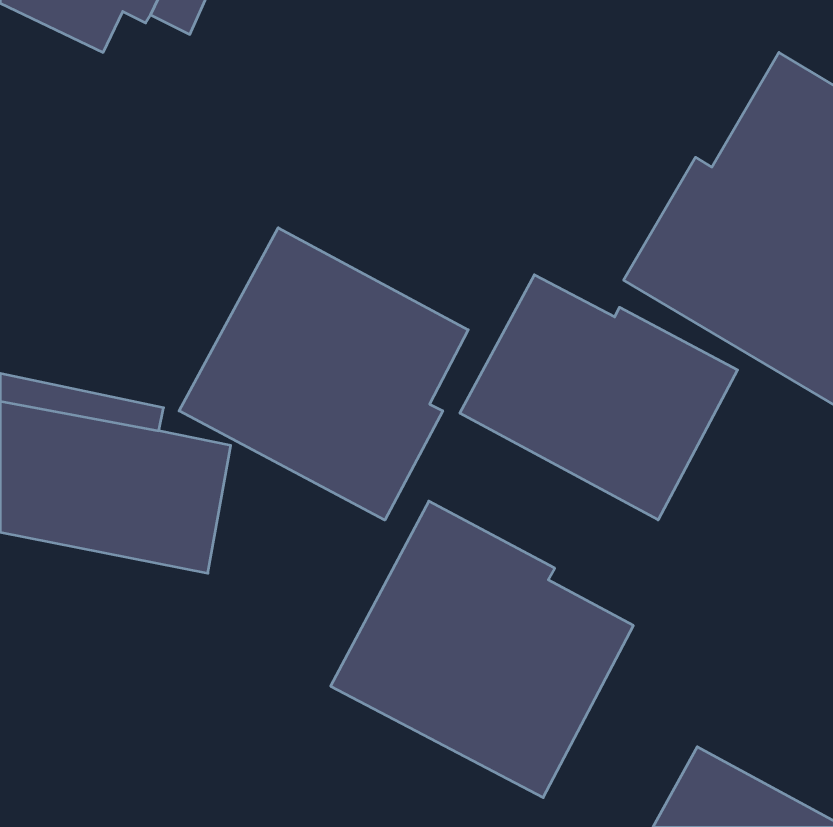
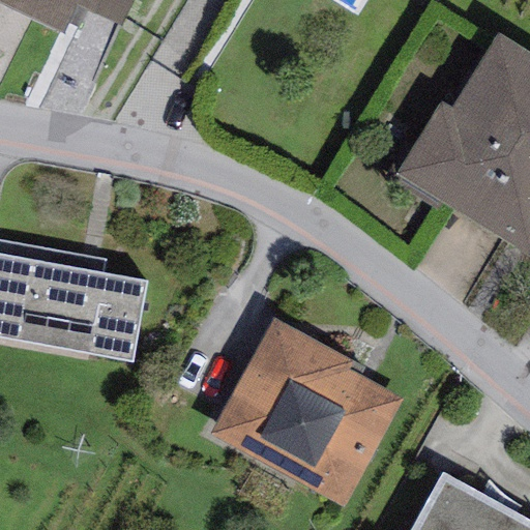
building: [179,228,468,520] -> none
building: [460,275,738,520] -> none

